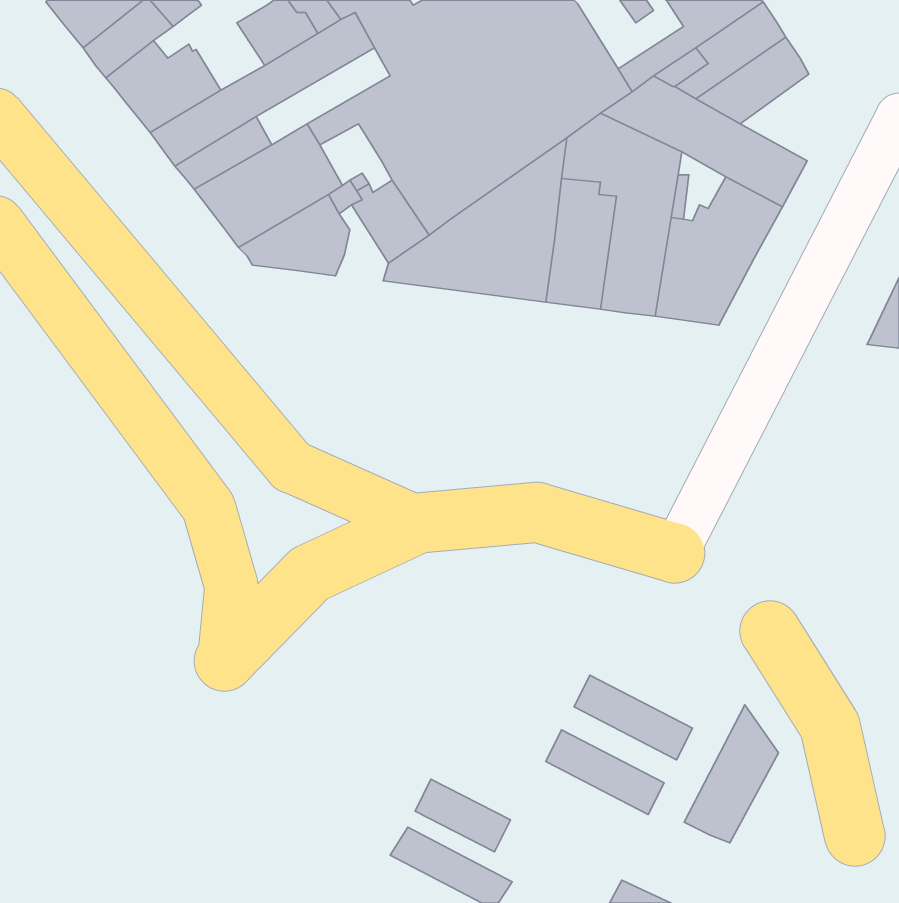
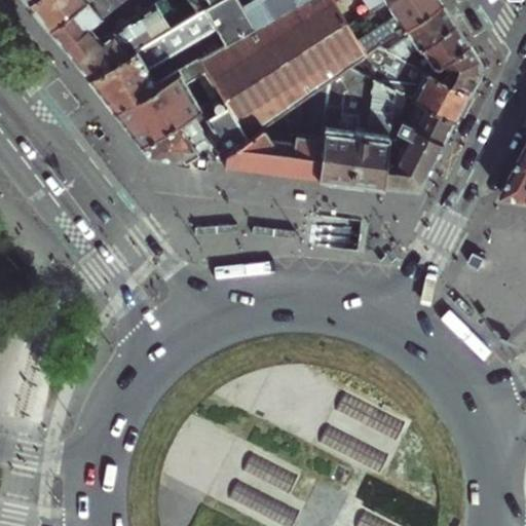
building: none -> [114,13,154,52]
building: none -> [430,43,482,93]
building: [684,705,779,843] -> none

